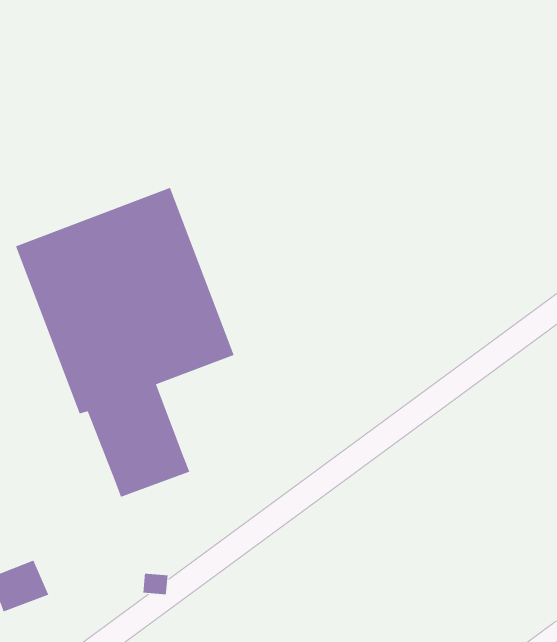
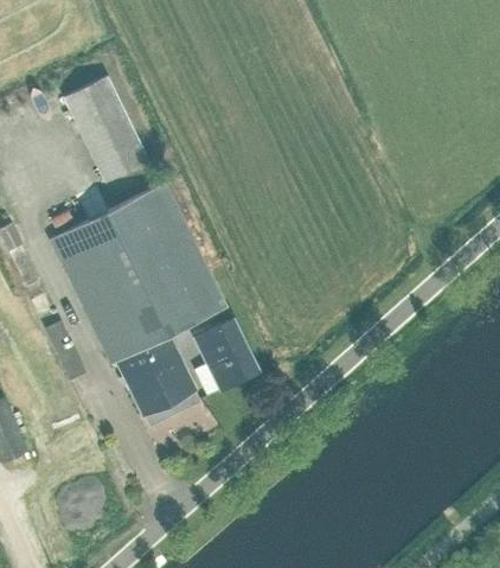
building: none -> [65,76,149,183]
building: none -> [197,319,259,390]

